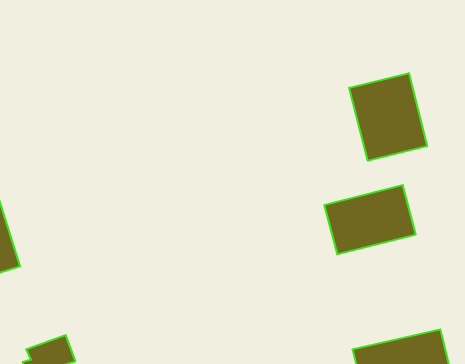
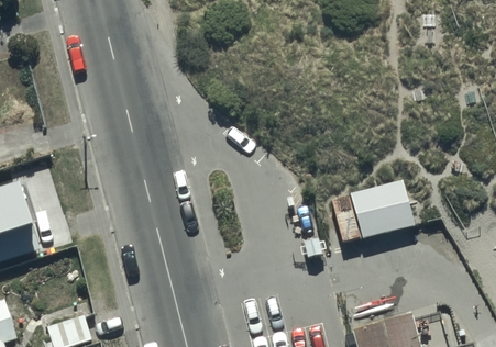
building: [349,73,427,161] -> none

